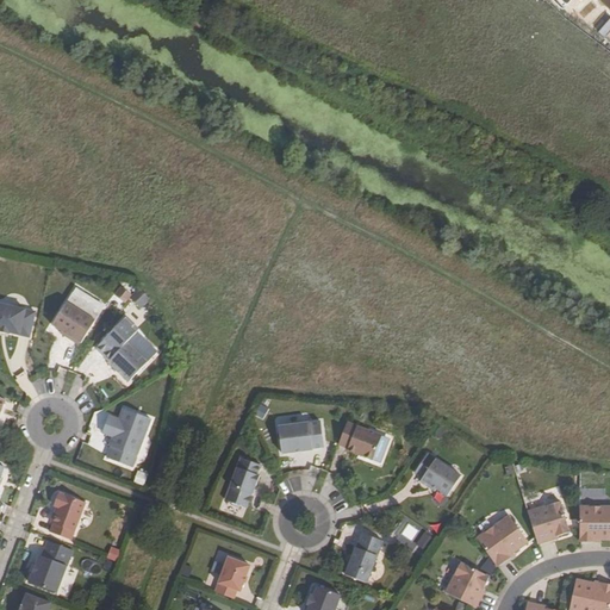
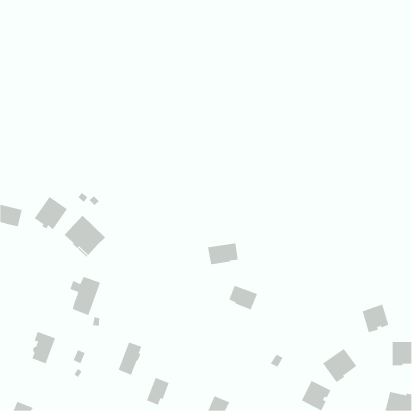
building: [276,419,323,452] -> [207,243,239,265]
building: [413,452,460,494] -> none
building: [224,456,260,506] -> [118,342,142,376]
building: [527,499,567,542] -> [362,304,389,333]
building: [344,533,384,581] -> none
building: [27,539,71,591] -> none

